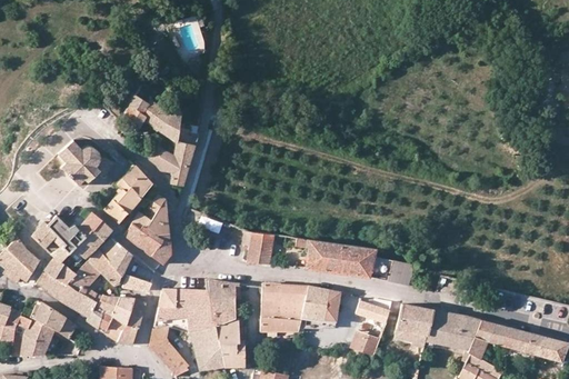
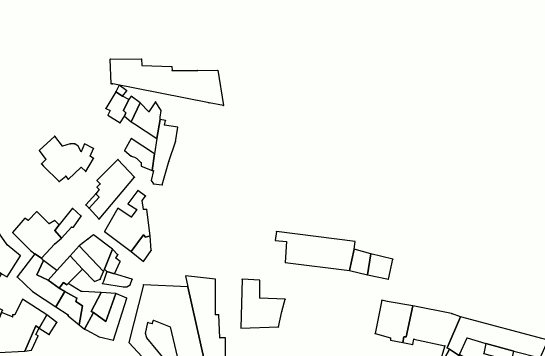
building: none -> [110,59,223,106]
building: [73,220,111,259] -> none
building: [241,229,273,265] -> none
building: [279,285,339,321] -> none
building: [350,301,389,356] -> none

